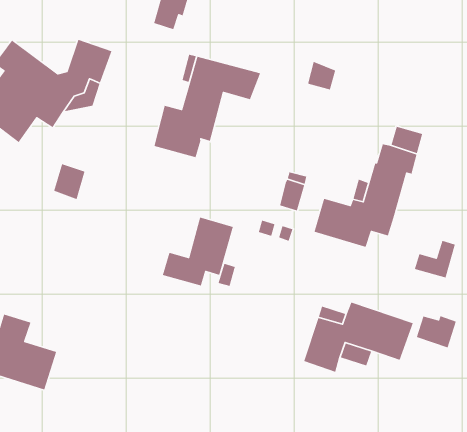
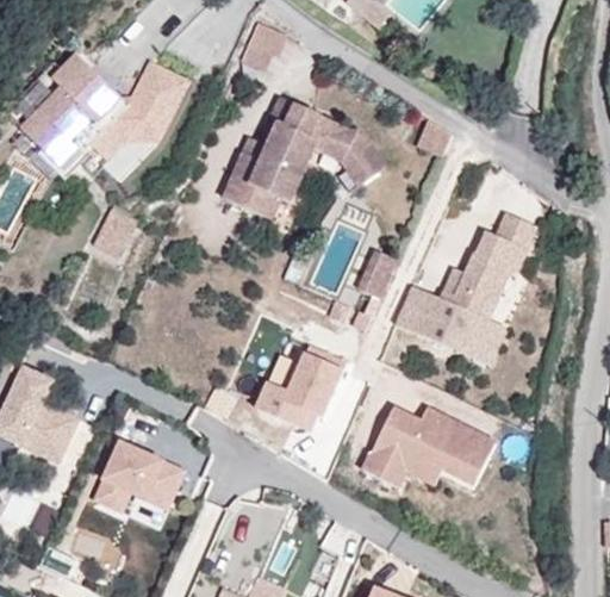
building: none -> [341,131,384,181]
building: [162,217,234,287] -> [255,344,346,425]
building: [414,240,456,279] -> [452,318,504,363]
building: [416,315,457,348] -> none
building: none -> [94,442,185,511]

